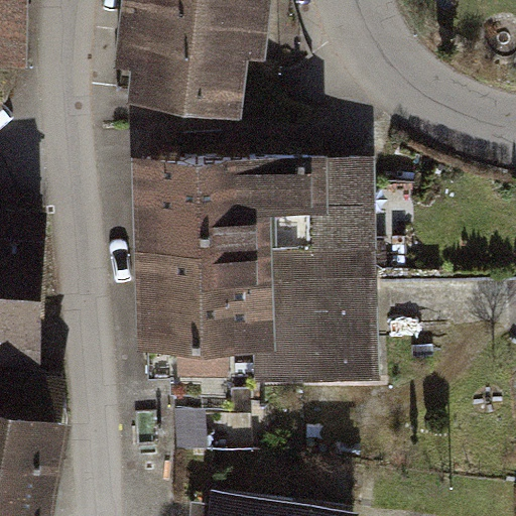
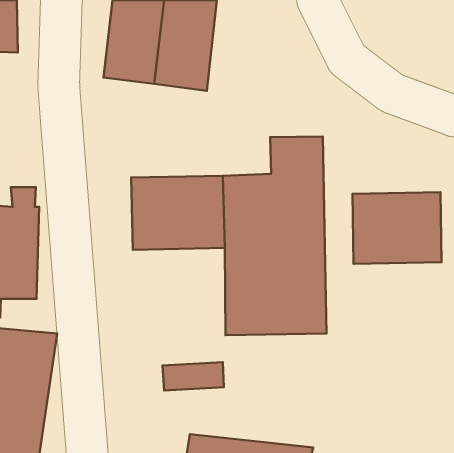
building: [147,158,306,204] -> none
building: none -> [353,192,441,264]
building: [150,283,255,383] -> none

